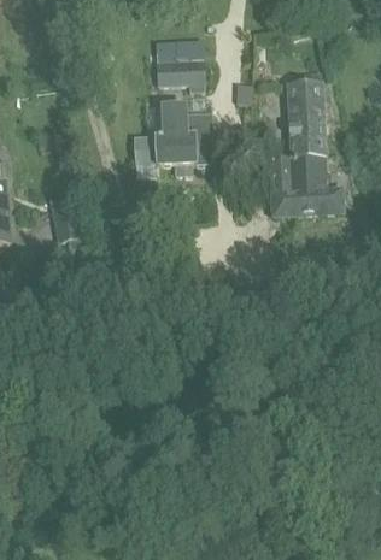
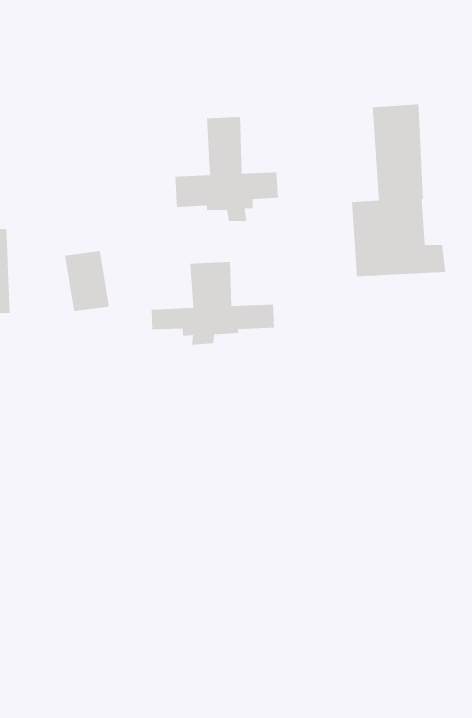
building: [158,48,203,88] -> none
building: none -> [151,261,275,346]

